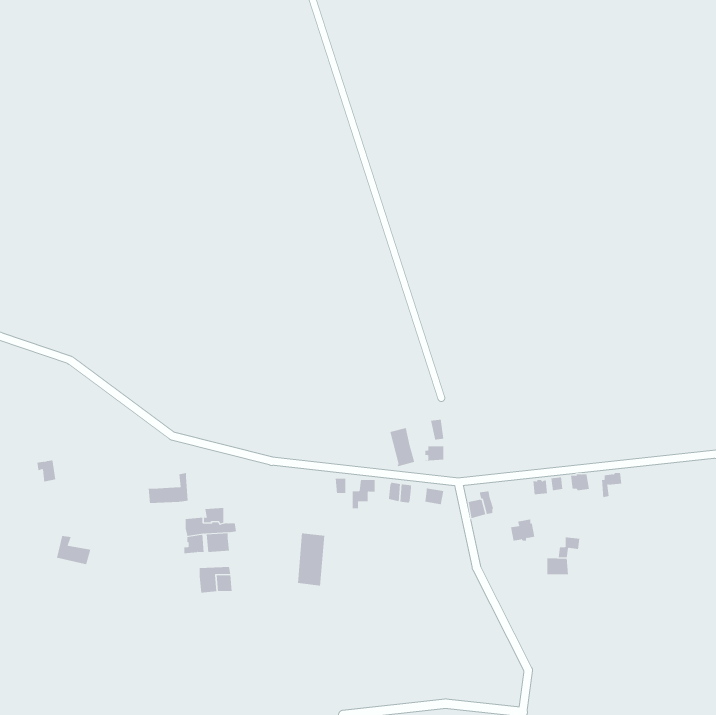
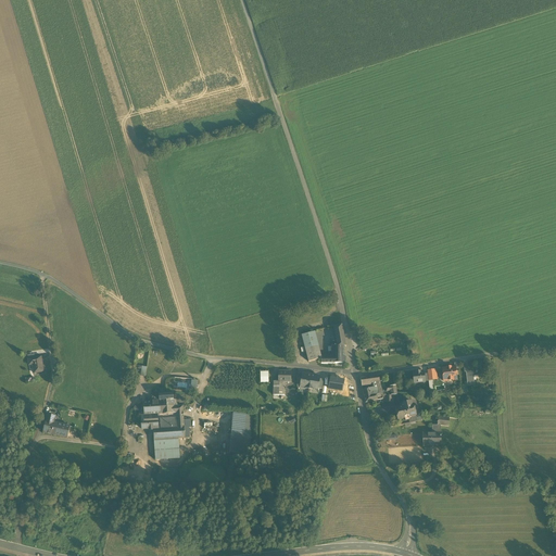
building: [148,473,188,504] -> [153,416,185,440]

